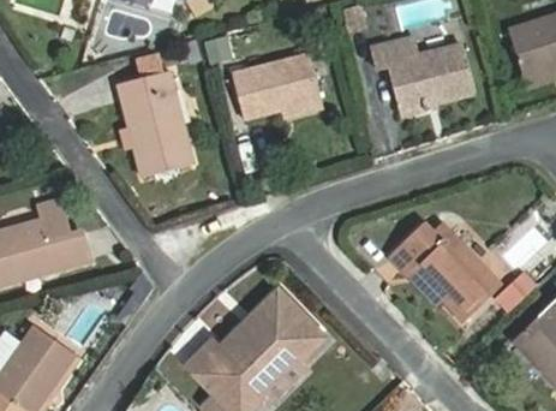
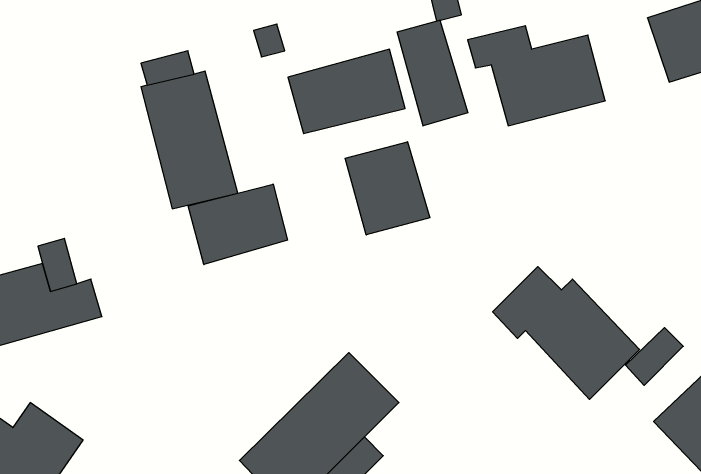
building: none -> [397,20,468,126]
building: none -> [345,142,430,235]
building: none -> [188,184,287,265]

